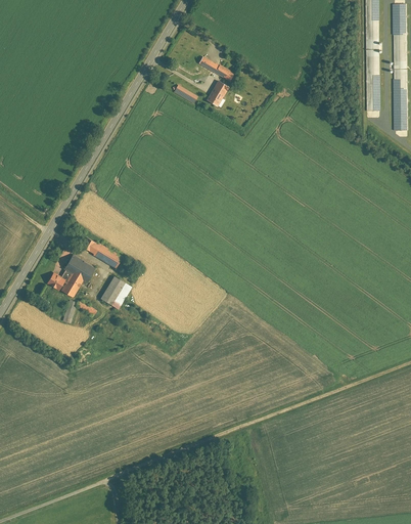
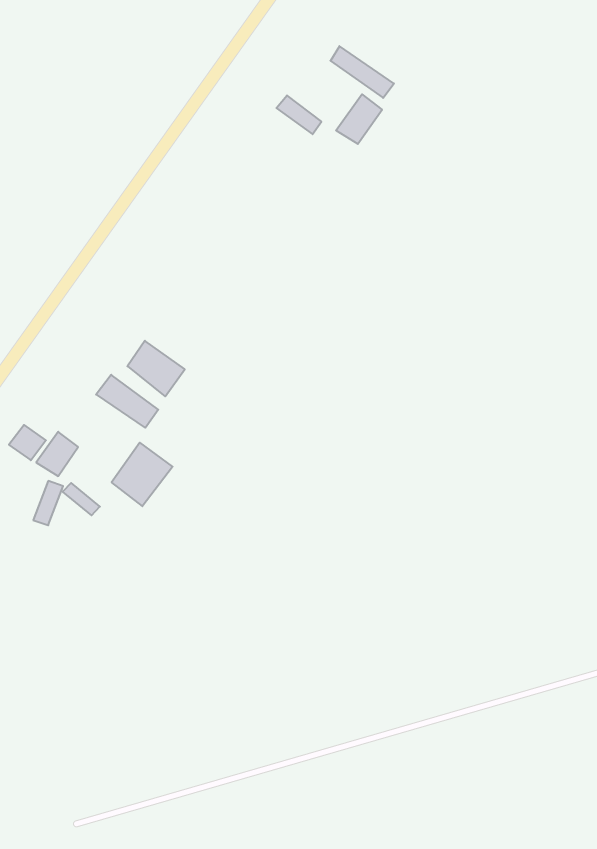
building: [64,254,95,282] -> [127,341,185,396]

